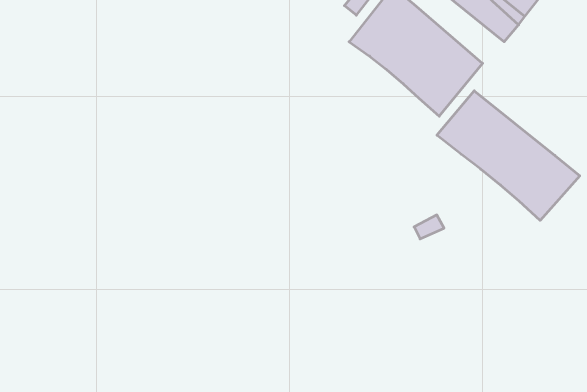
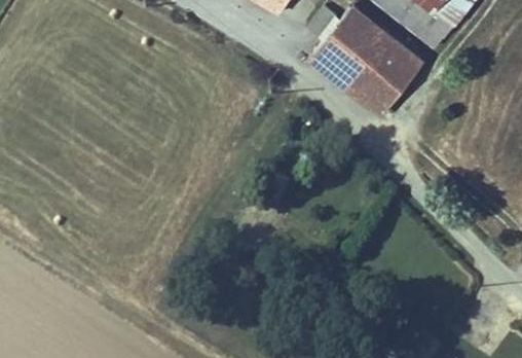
building: [437,91,580,220] -> none

